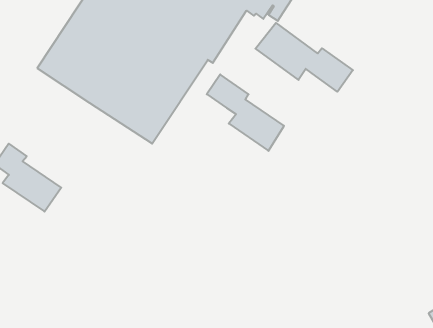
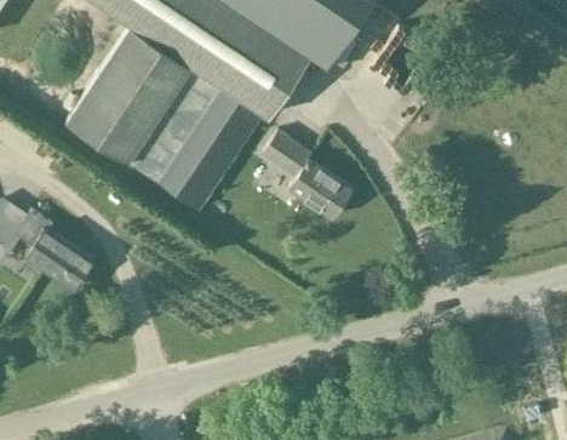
building: [255,23,353,92] -> none

